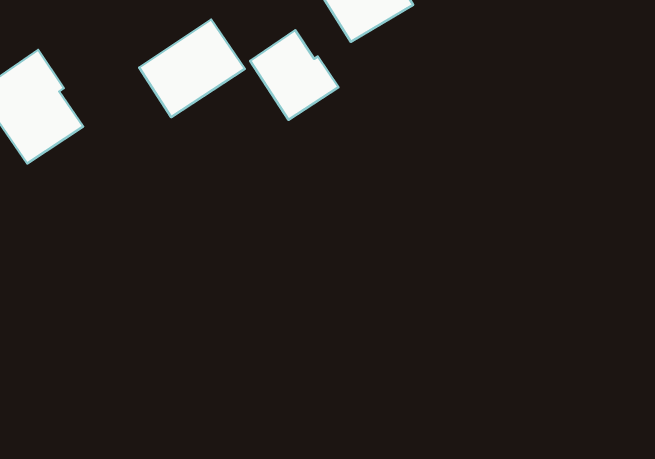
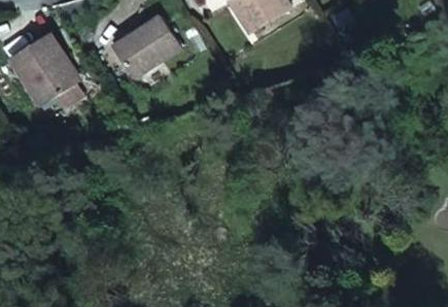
building: [250,30,339,120] -> none

